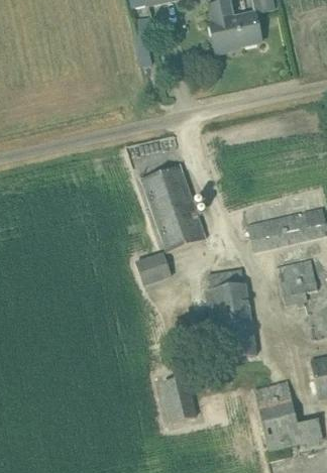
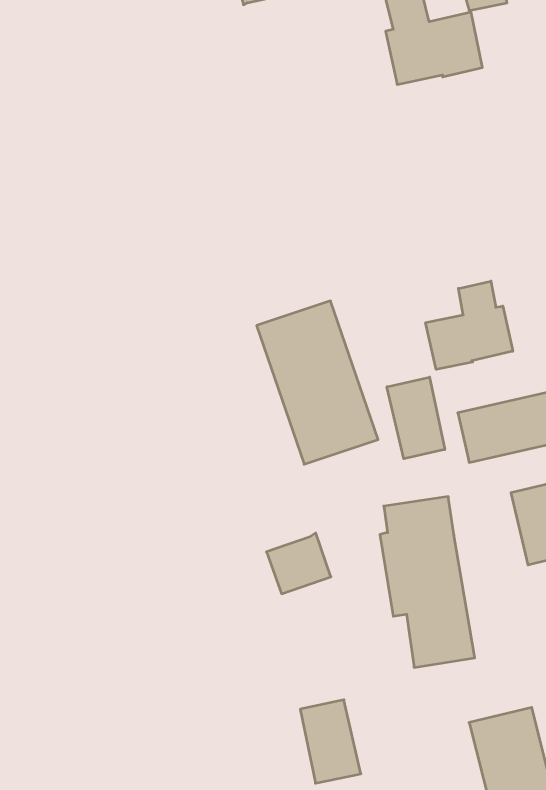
building: none -> [426,281,513,369]
building: none -> [387,377,445,459]
building: [136,252,171,284] -> [266,533,331,594]

